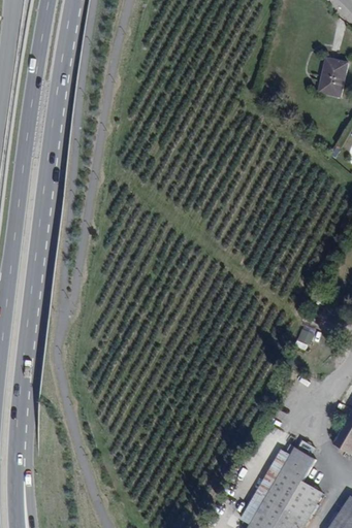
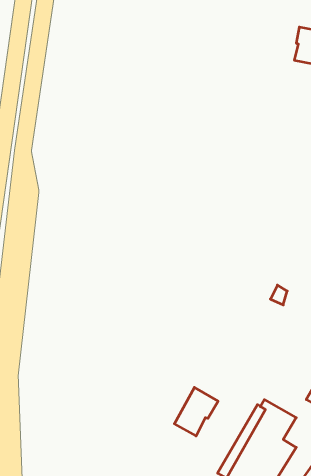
building: none -> [174,387,218,436]

